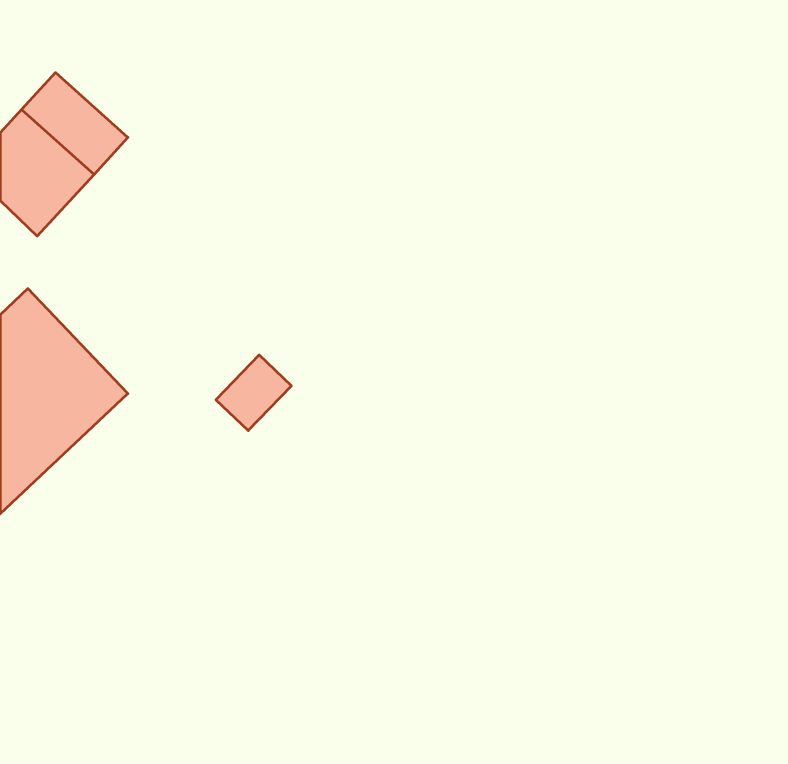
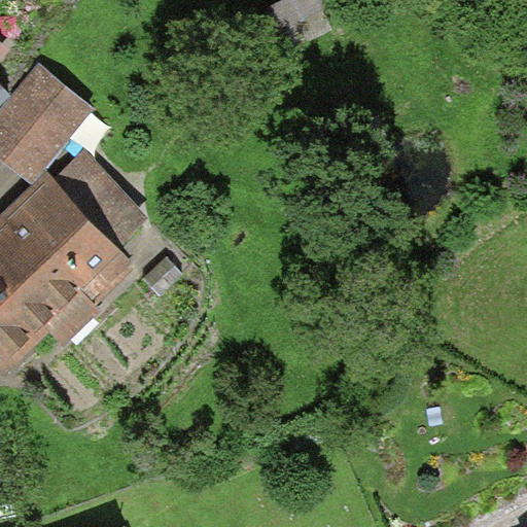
building: none -> [19,150,131,279]

